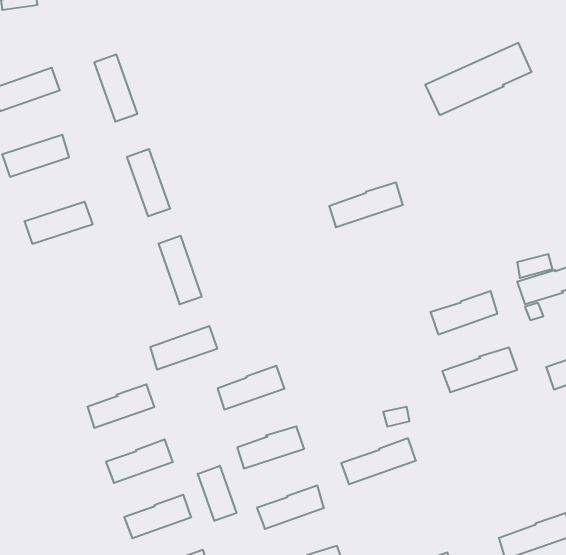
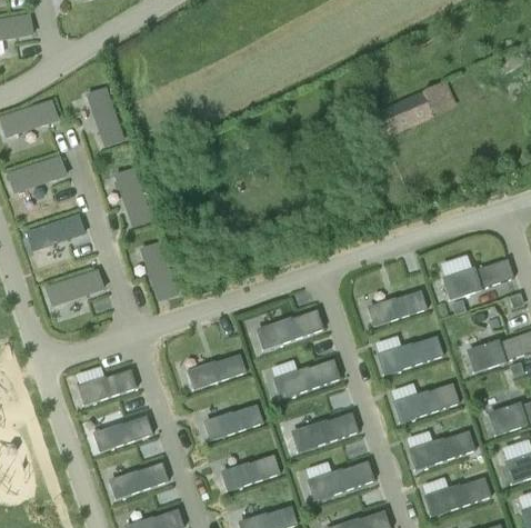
building: [329,183,403,227] -> [259,310,321,348]
building: [150,326,217,369] -> [46,269,102,306]
building: none -> [275,360,339,398]
building: none -> [395,383,458,422]
building: none -> [411,431,473,469]
building: [198,466,237,521] -> none
building: none -> [310,461,373,500]

